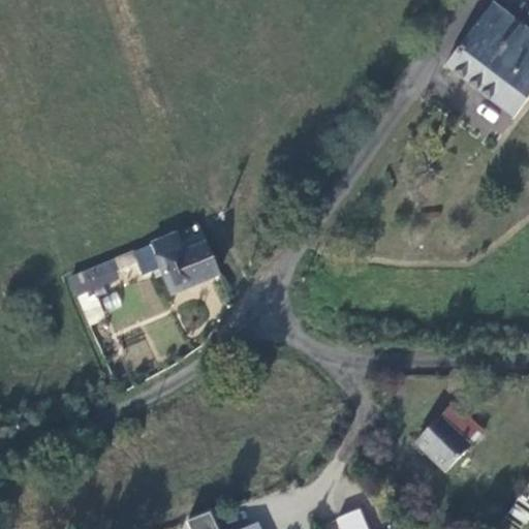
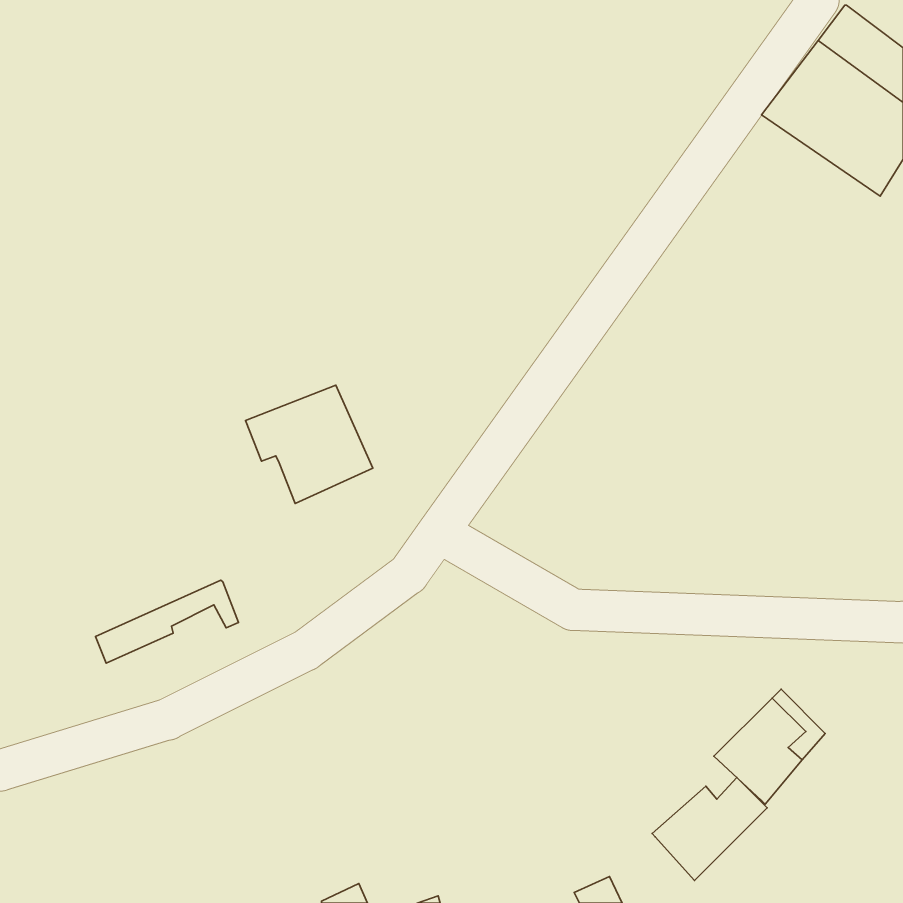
building: [69,245,153,293] -> [96,580,239,663]
building: none -> [652,778,767,880]

